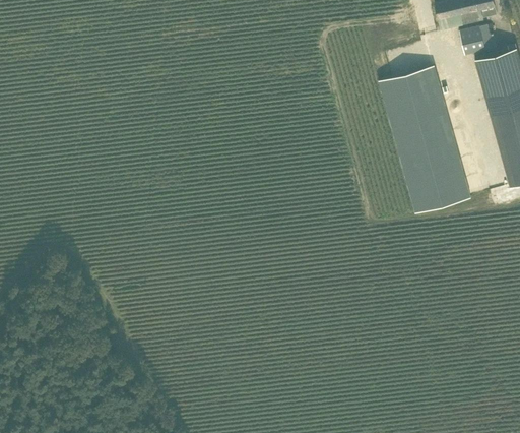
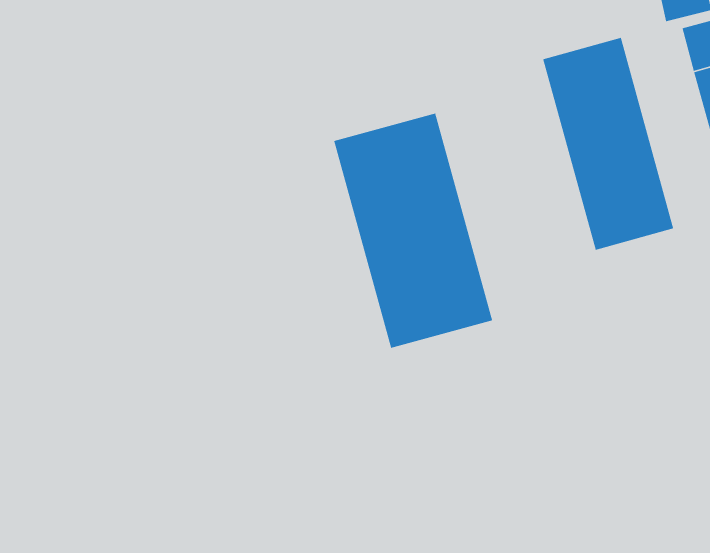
building: none -> [333,112,493,349]

